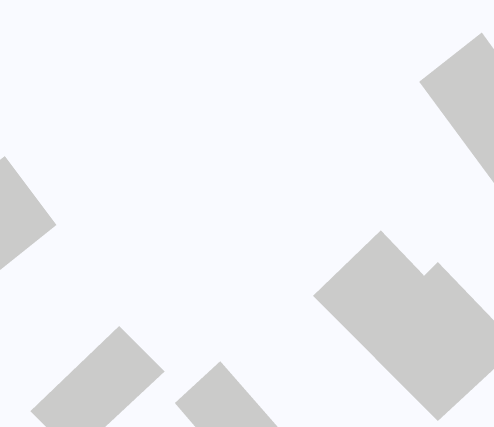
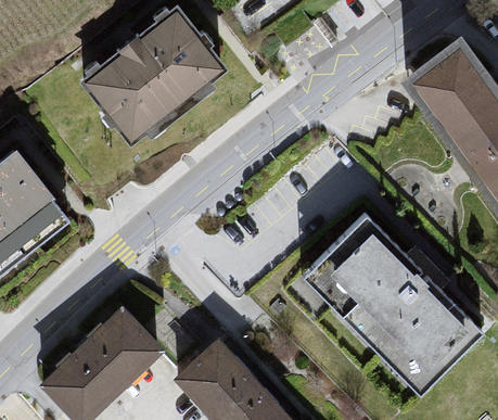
building: none -> [79,9,227,144]

